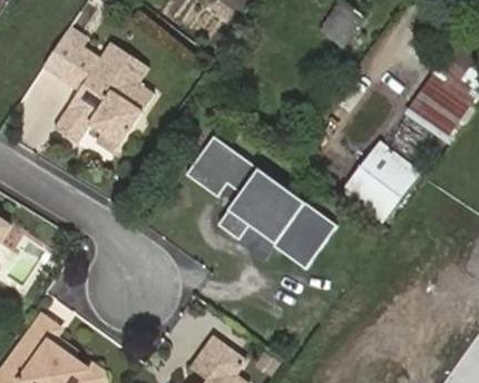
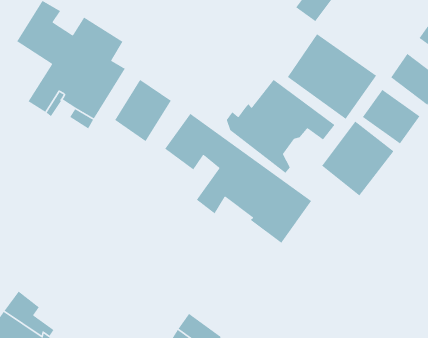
building: none -> [287,33,377,120]
building: none -> [114,79,172,142]
building: none -> [226,79,335,174]

